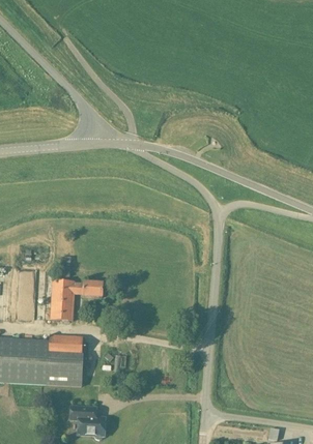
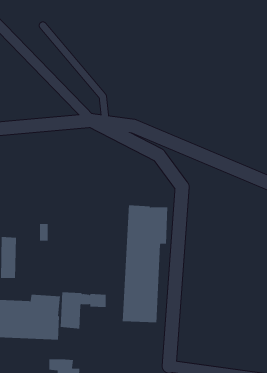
building: none -> [122,205,168,323]
building: [50,279,102,321] -> [60,292,106,329]

